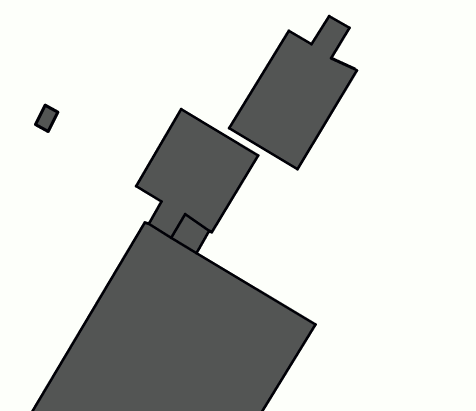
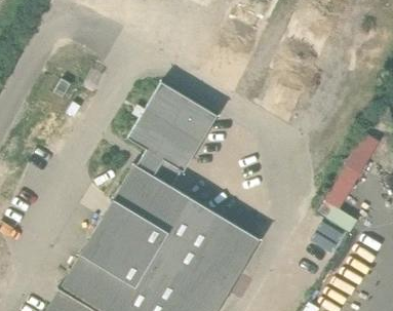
building: [229,16,357,169] -> none
building: none -> [329,146,370,209]

